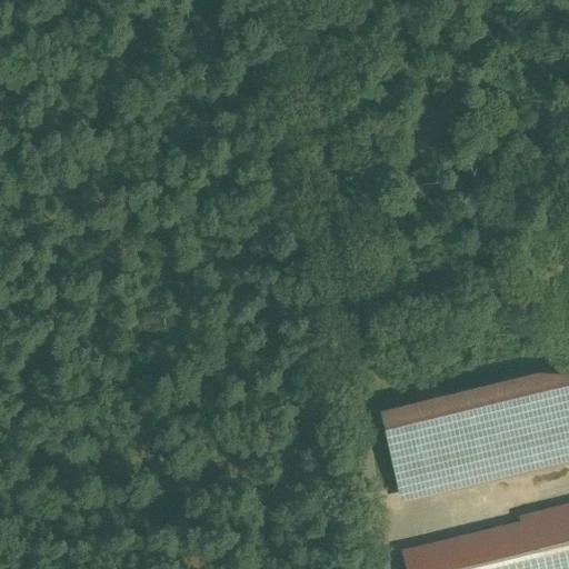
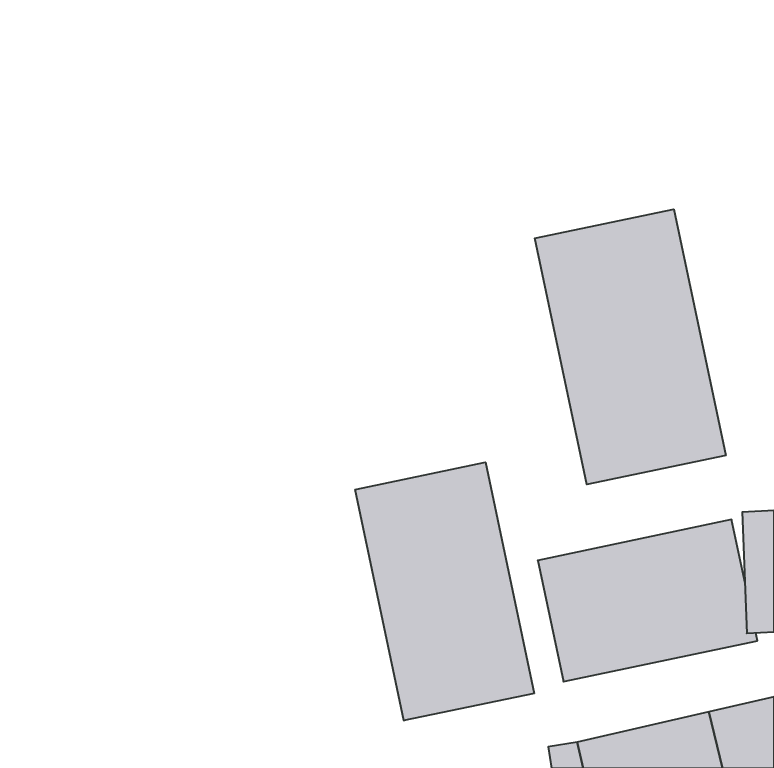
building: none -> [535,209,726,484]
building: none -> [355,462,534,721]

